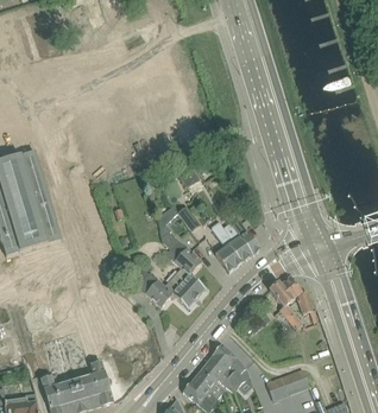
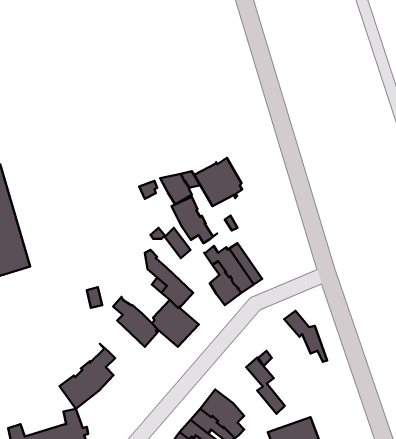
building: none -> [194,158,242,206]
building: none -> [172,197,217,243]
building: [269,281,302,330] -> [246,357,285,414]
building: none -> [59,344,115,409]

